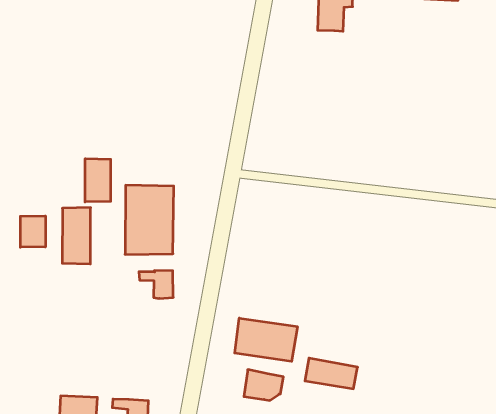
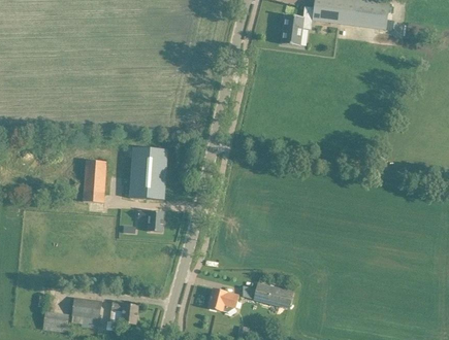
building: [85,159,111,202] -> none
building: [20,216,45,247] -> none
building: [235,318,297,361] -> none

